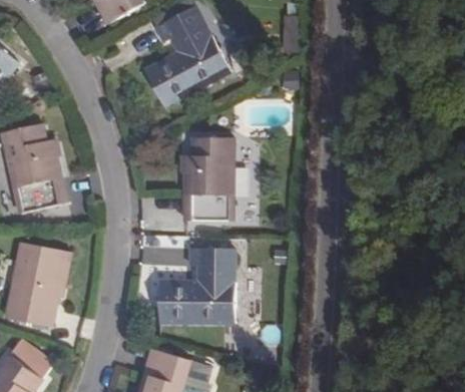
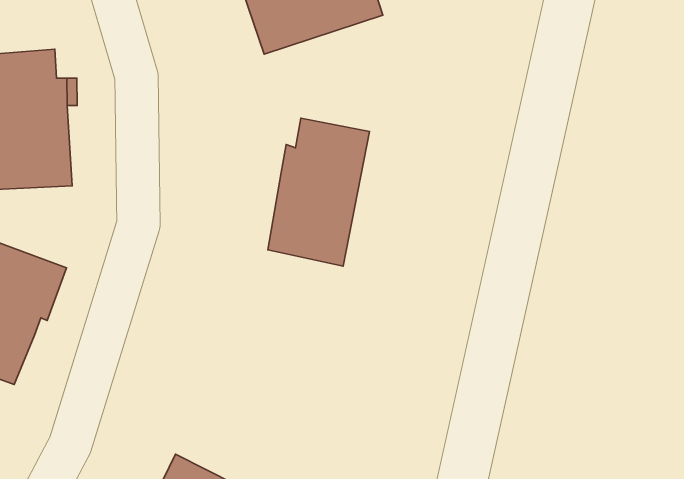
building: [159,248,235,321] -> none

